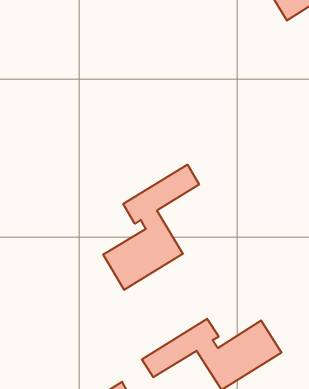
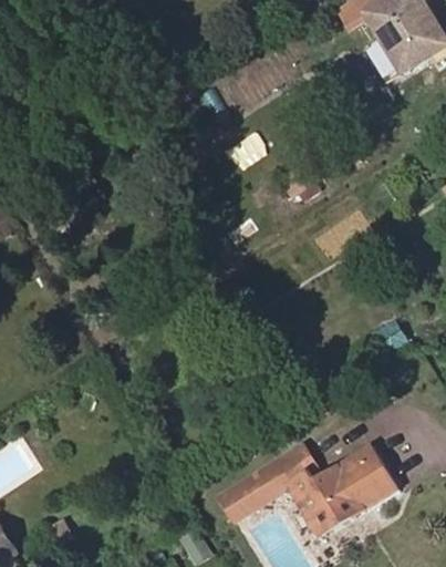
building: [103,165,199,290] -> none

